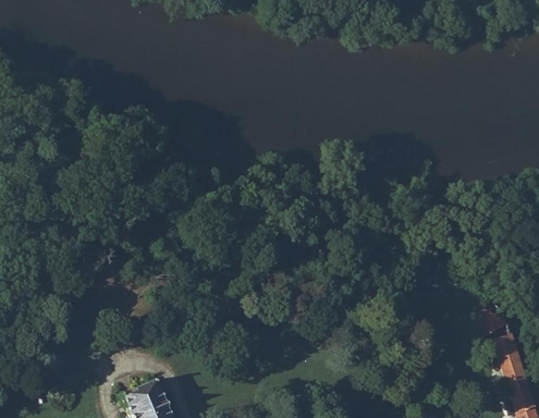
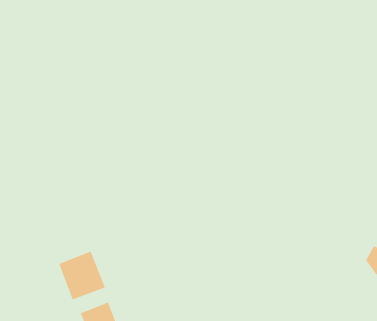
building: none -> [58,250,106,300]

